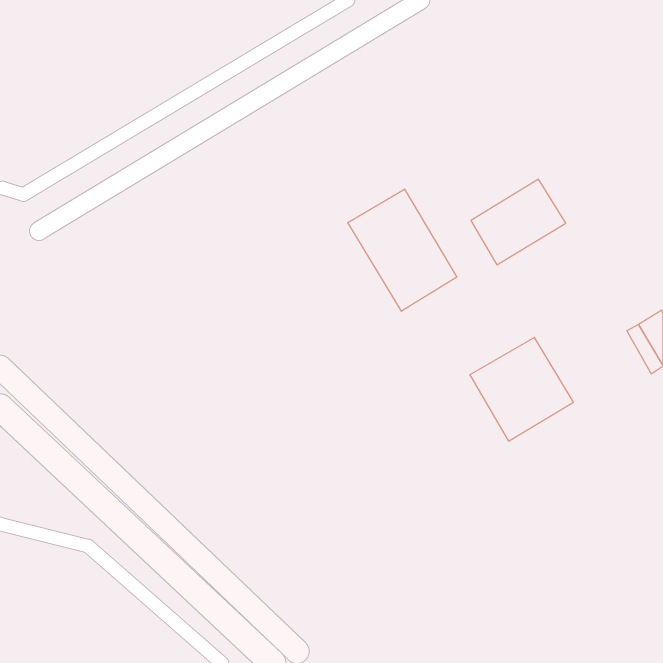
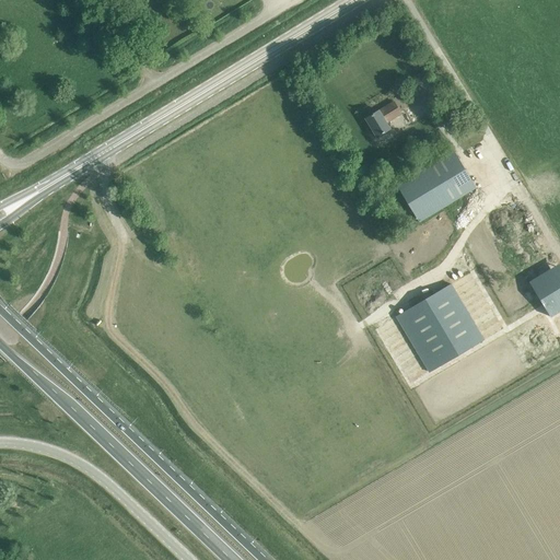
building: none -> [365,102,402,137]
building: [348,189,457,311] -> none

